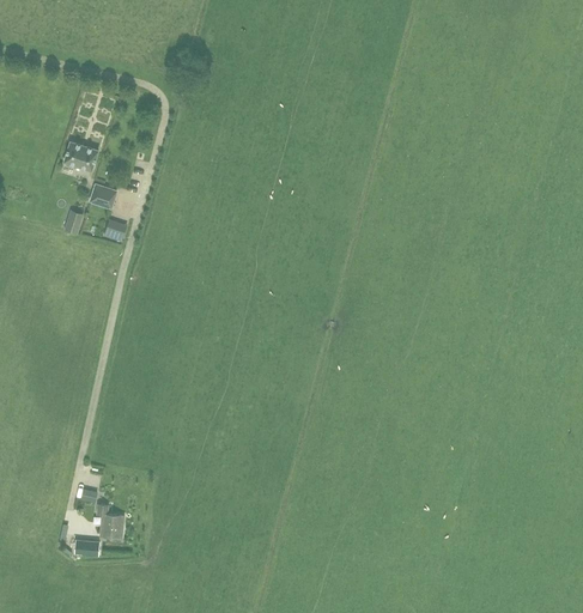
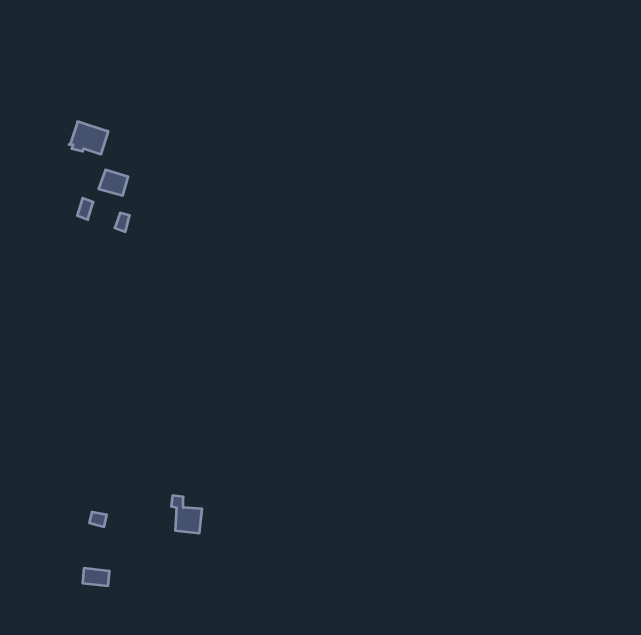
building: [97,503,125,536] -> [171,496,202,533]

